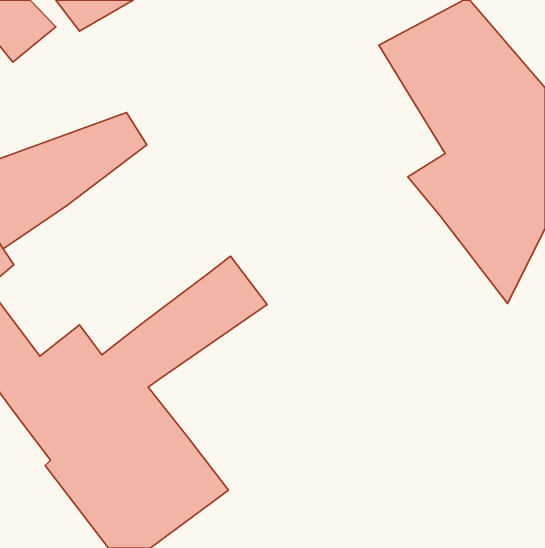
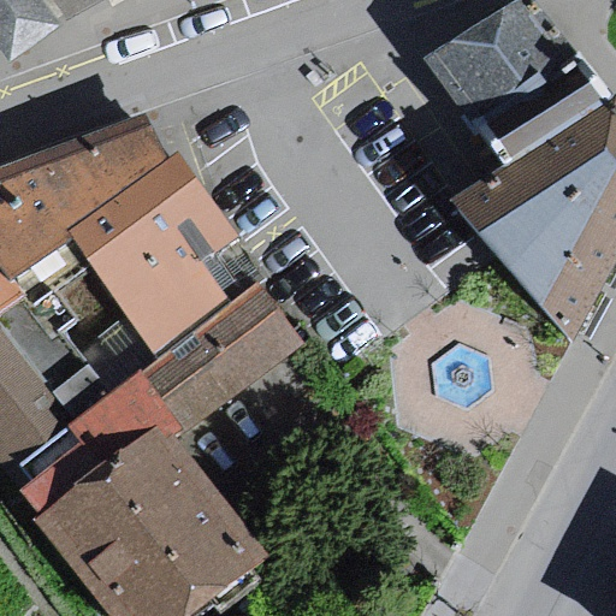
building: none -> [75,156,233,360]

